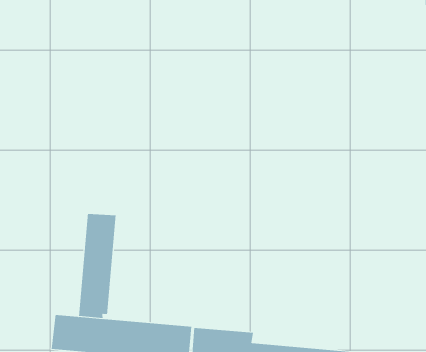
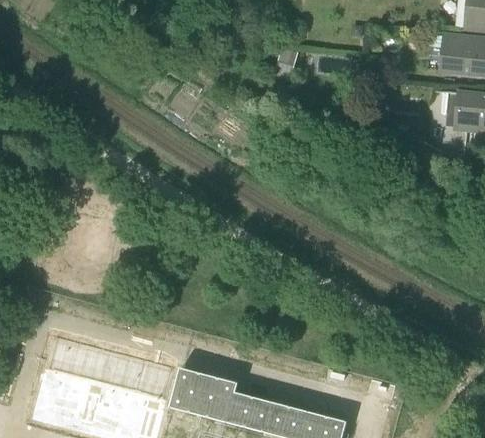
building: [79,213,116,319] -> none

